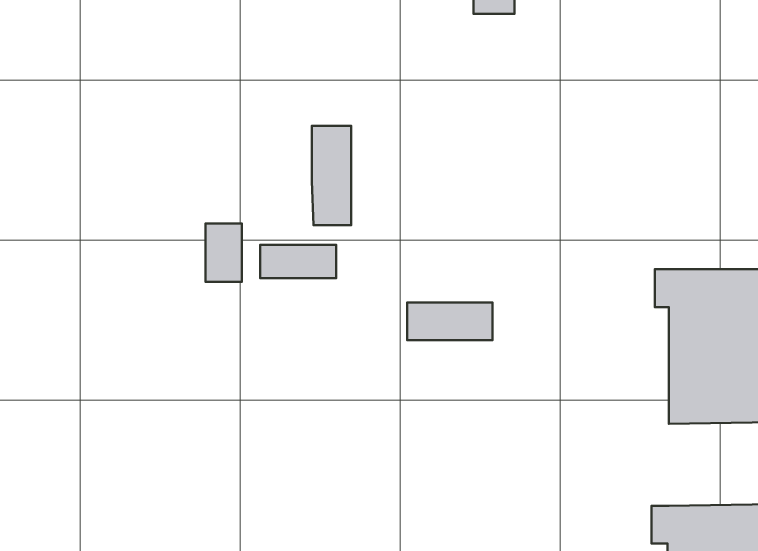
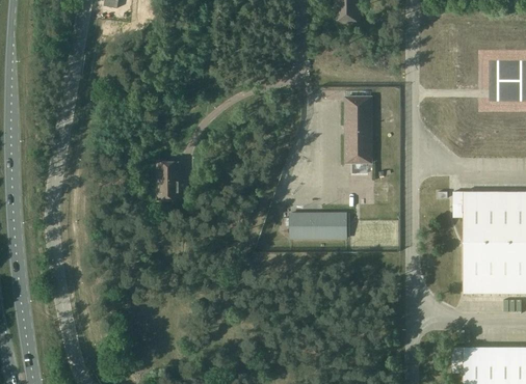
building: [312,126,351,225] -> [345,98,371,163]
building: [260,245,336,278] -> none

